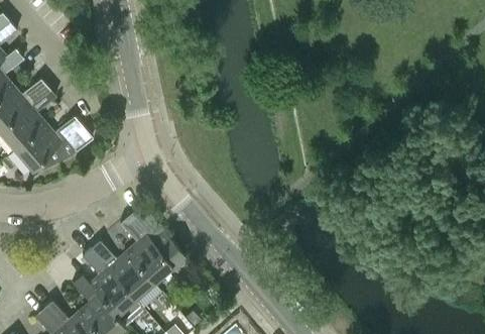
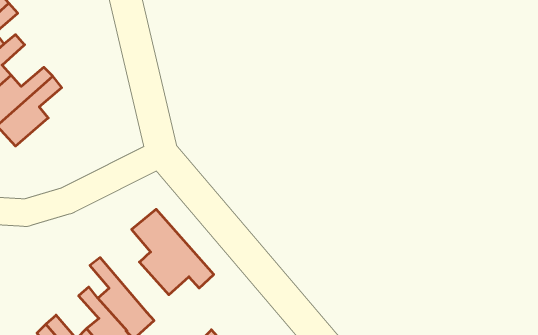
building: [15,116,92,171] -> none
building: [91,241,152,299] -> none

